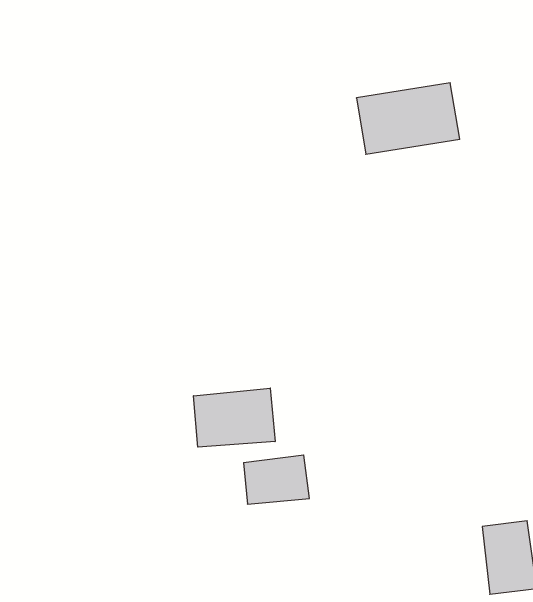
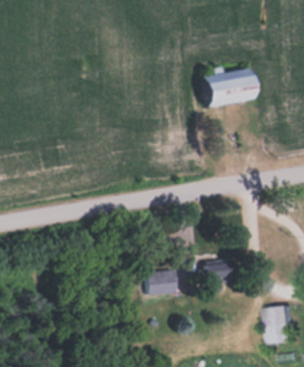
building: [194,388,275,447] -> none
building: none -> [202,262,231,284]

